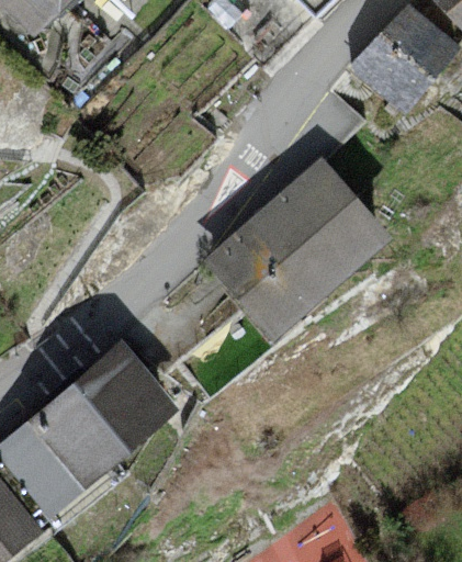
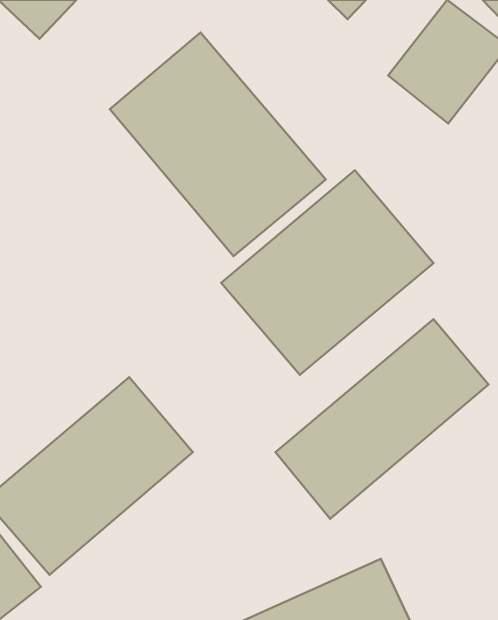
building: none -> [110,33,326,256]
building: none -> [275,319,489,519]

